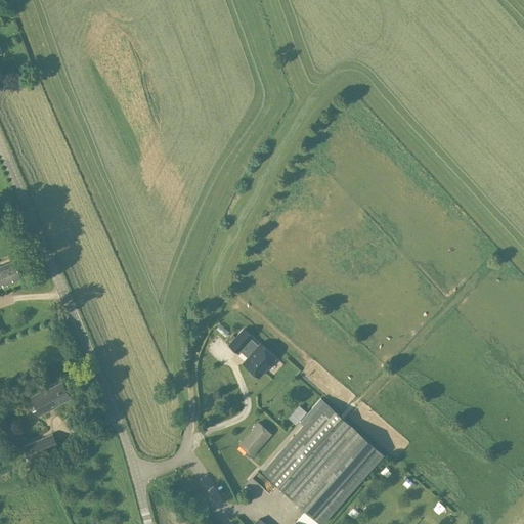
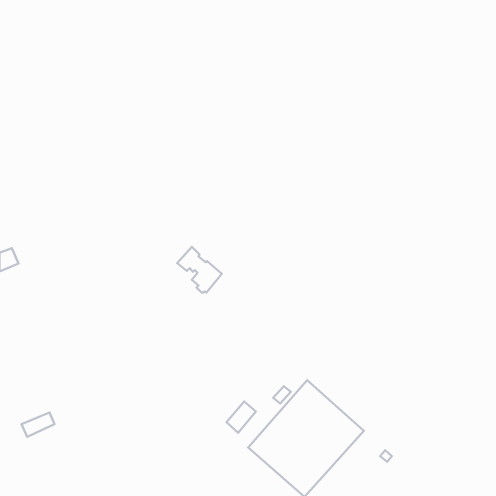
building: [227,330,274,378] -> [177,247,222,292]
building: [30,382,70,416] -> none

